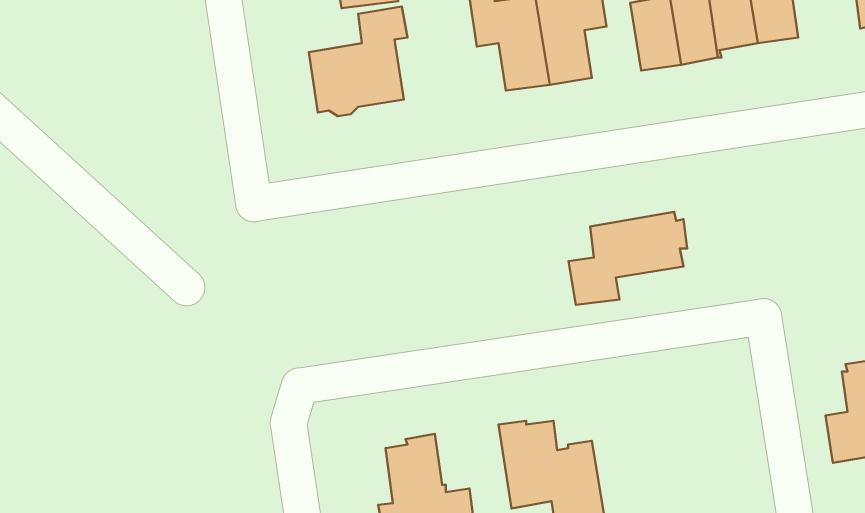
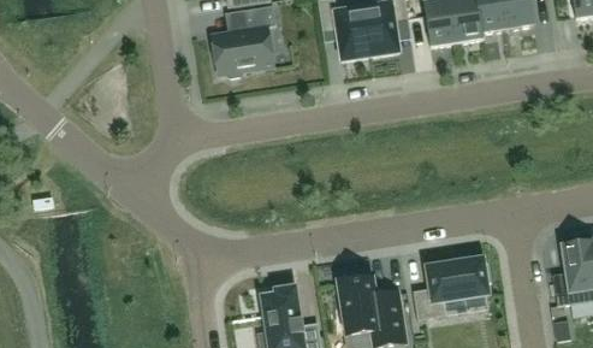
building: [568,212,687,305] -> [413,258,491,319]

